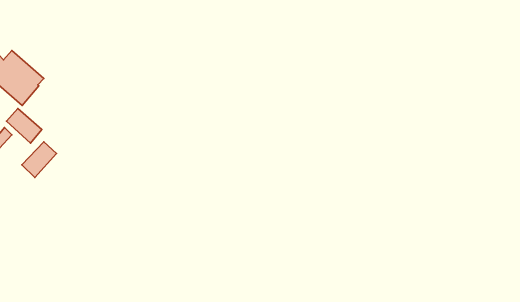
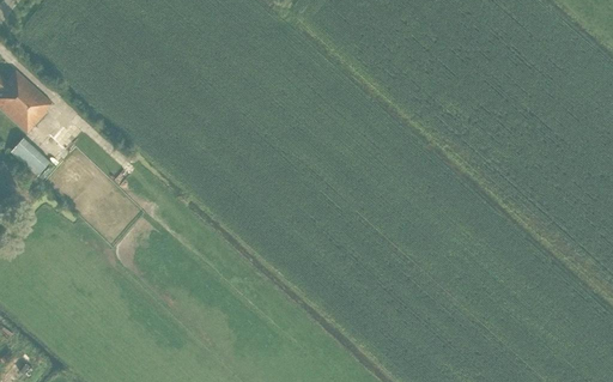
building: [22,142,57,177] -> none

